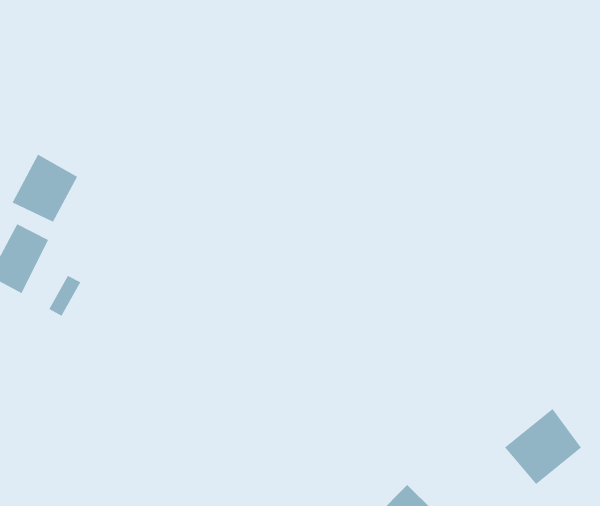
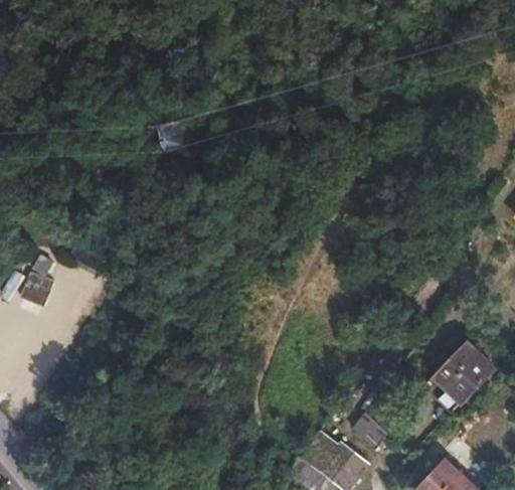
building: [12,154,78,222] -> none

